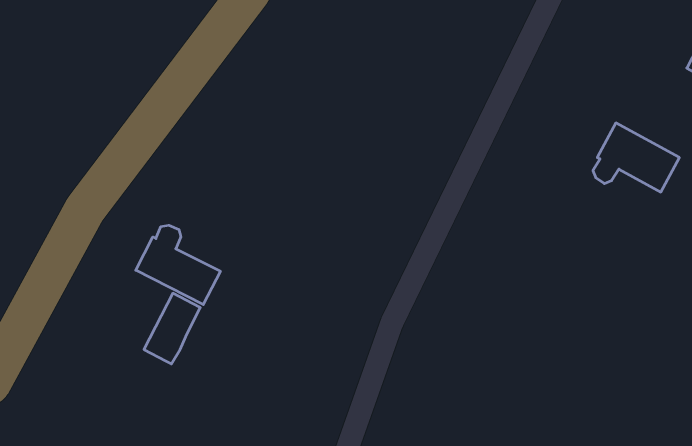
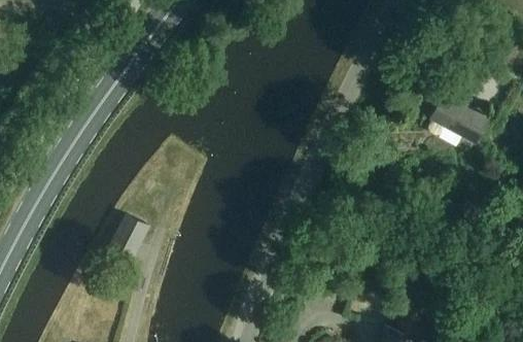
building: [136,225,220,305] -> none

